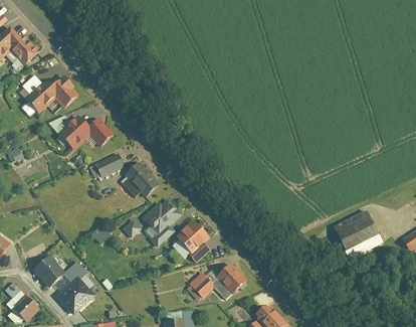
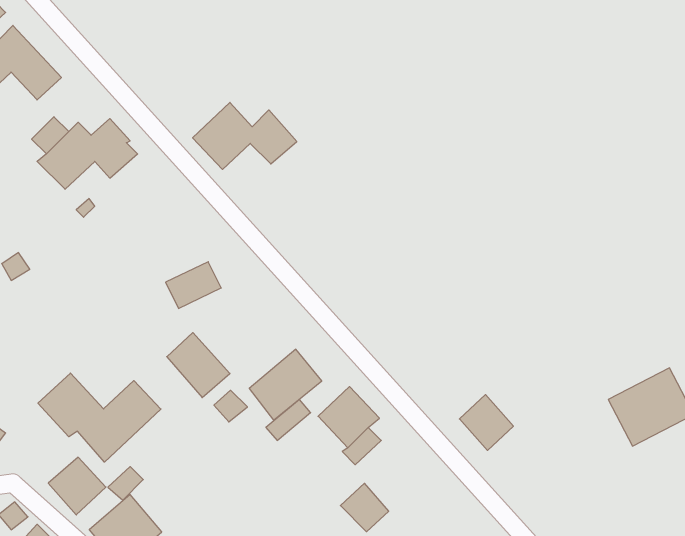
building: [59,112,116,148] -> [193,102,297,169]
building: [125,161,159,196] -> [167,333,230,398]
building: none -> [38,373,161,462]
building: [219,263,248,293] -> [459,395,513,450]

